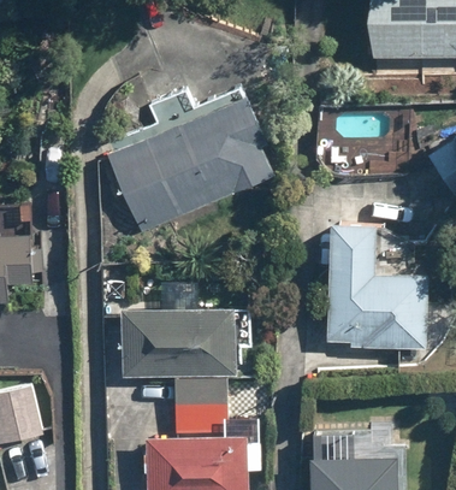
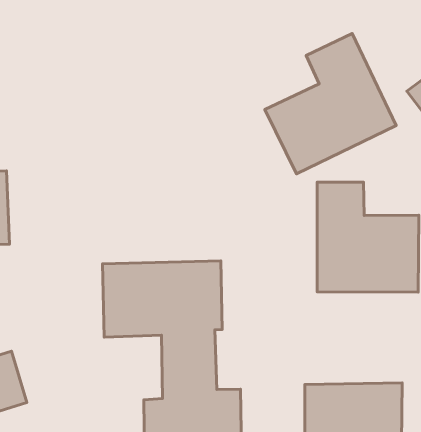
building: [106,93,283,232] -> none
building: none -> [265,33,396,174]

